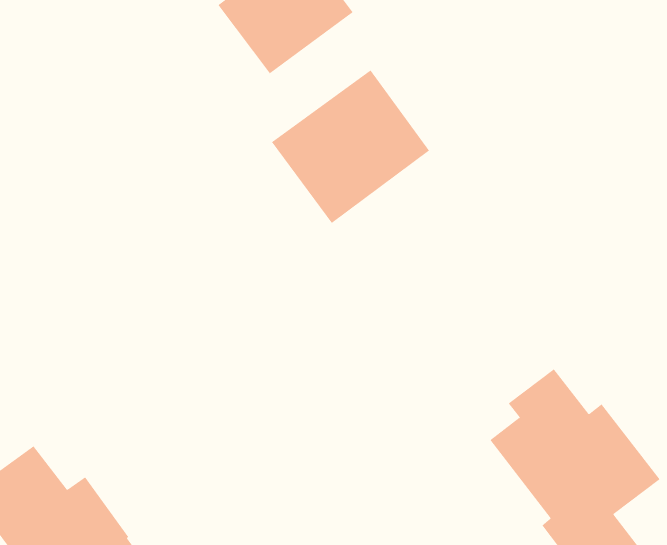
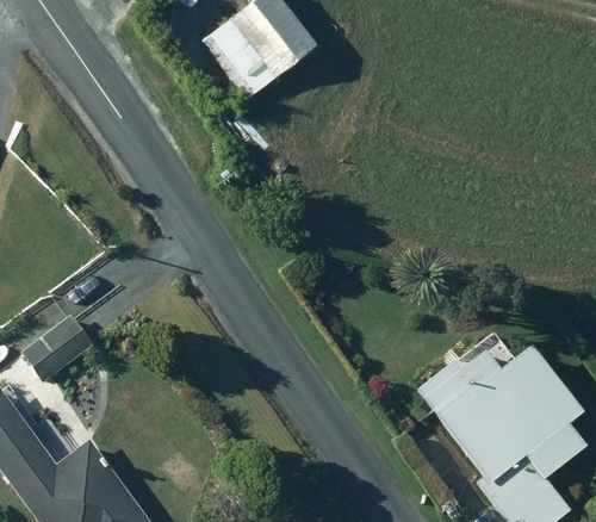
building: [271,69,430,224] -> none
building: none -> [21,315,94,381]

